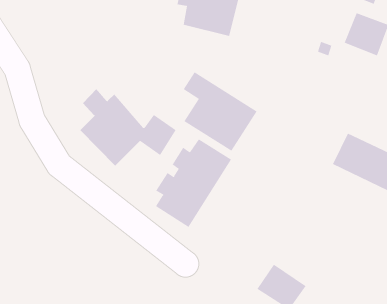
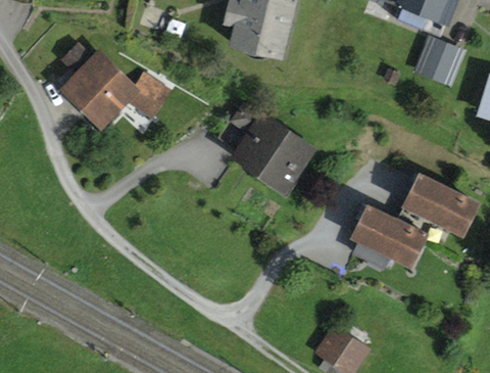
building: [80,88,177,167] -> [59,41,170,131]
building: [155,138,232,228] -> none
building: none -> [350,204,428,269]

